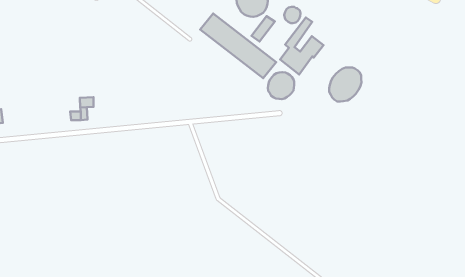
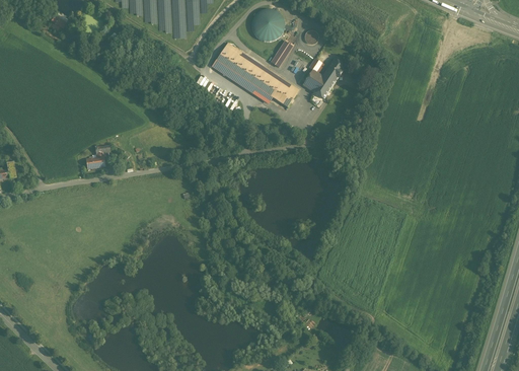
building: [329,67,361,102] -> none
building: [268,72,294,99] -> none

